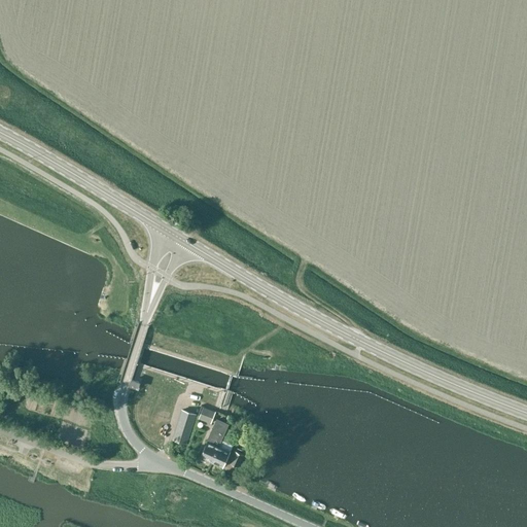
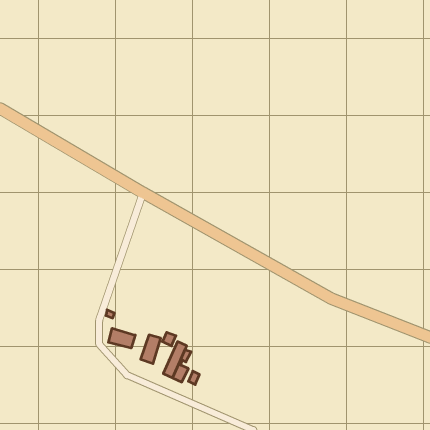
building: none -> [108,328,135,348]

